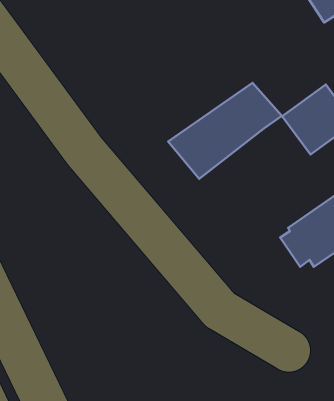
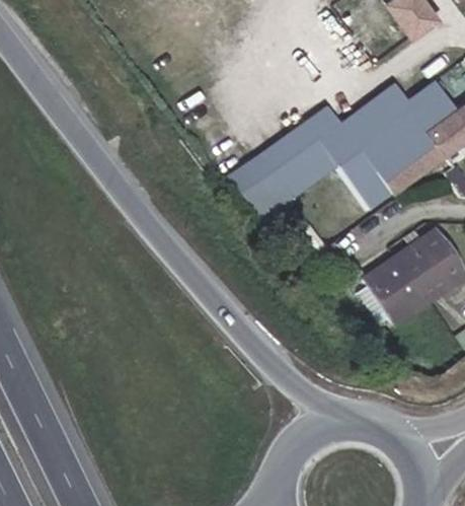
building: none -> [344,81,411,139]
building: none -> [340,144,395,205]

